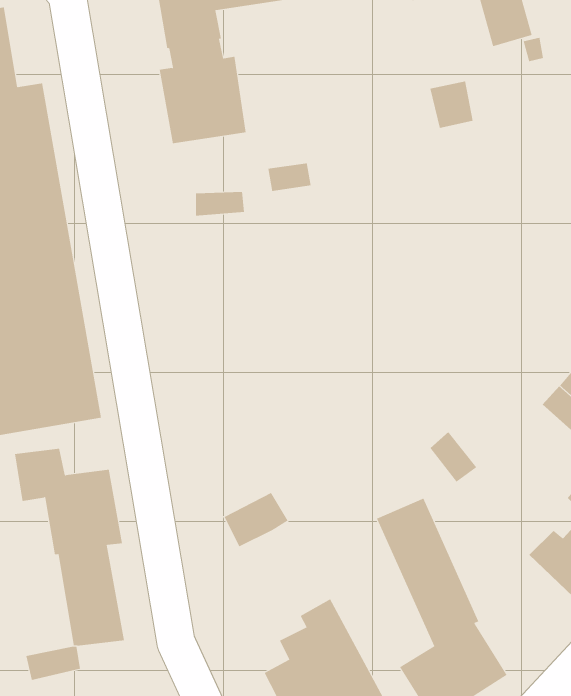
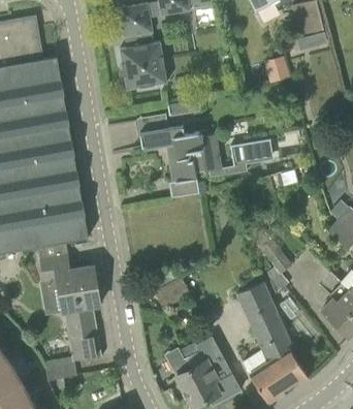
building: none -> [138,127,272,198]

